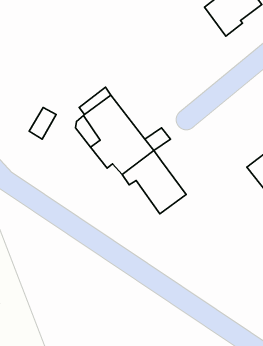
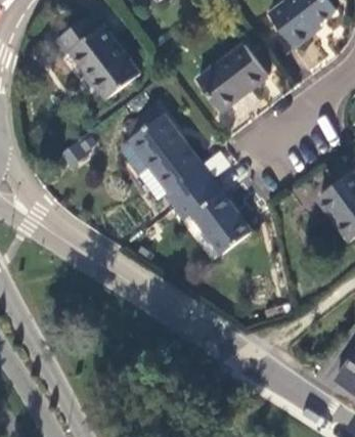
building: none -> [54,14,137,99]
building: none -> [196,47,265,113]

